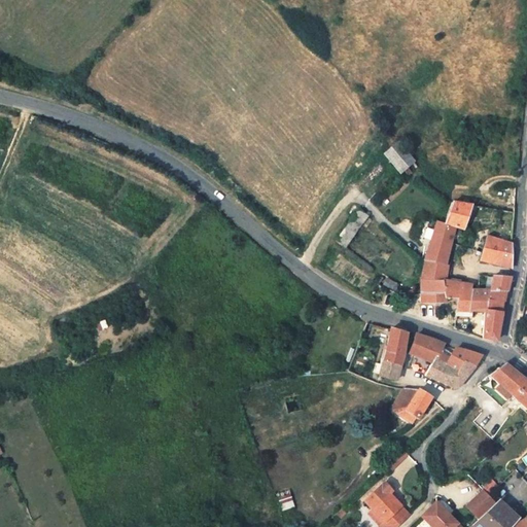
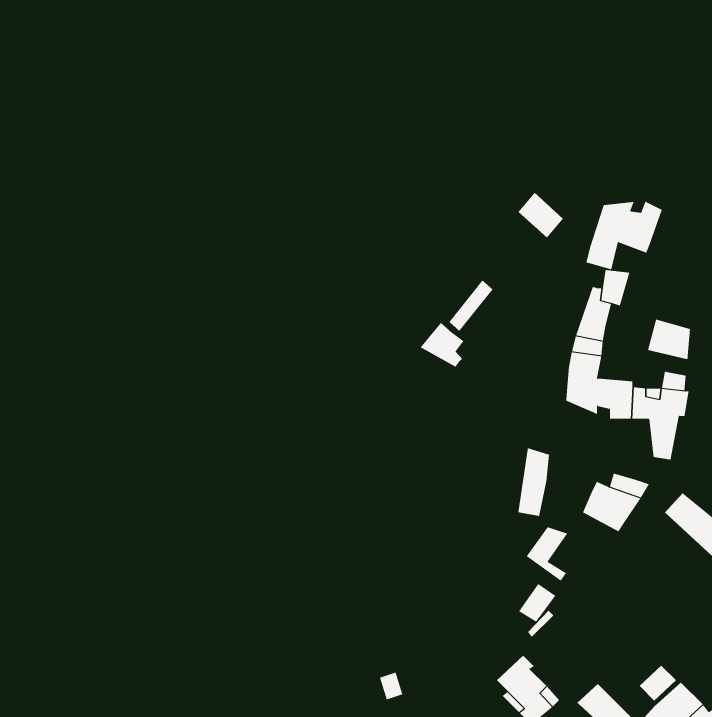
building: none -> [586,201,663,270]
building: none -> [420,322,464,367]
building: [412,336,446,362] -> none
building: [407,392,434,421] -> [518,583,556,623]

